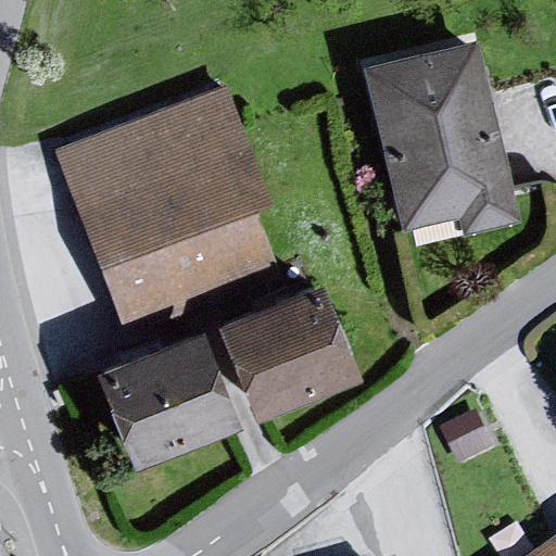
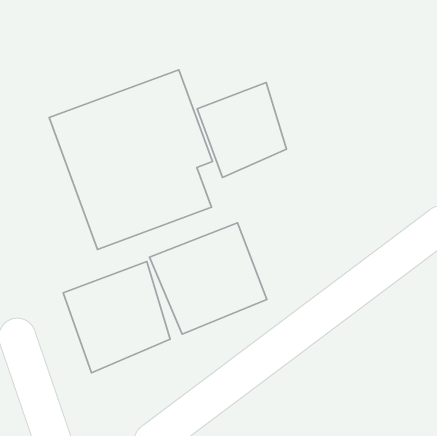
building: [377,43,516,226] -> none
building: none -> [197,83,287,177]

